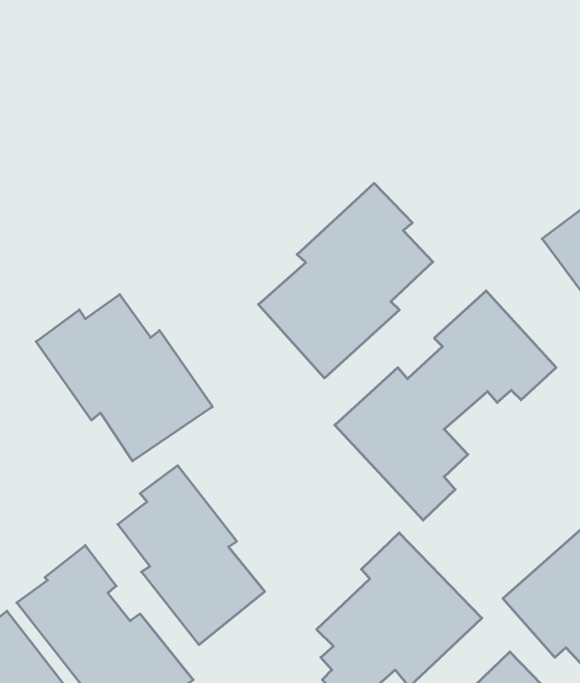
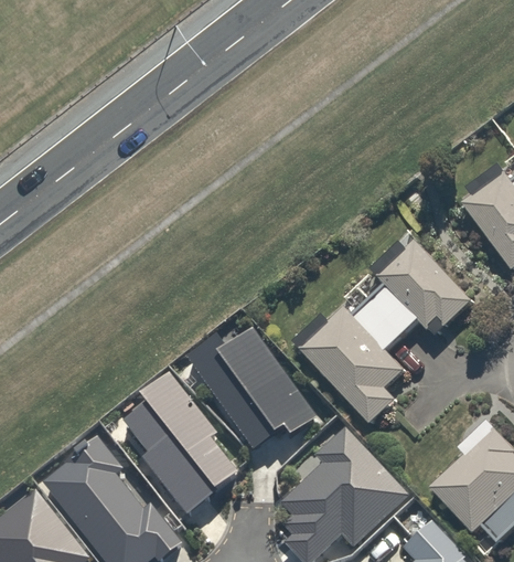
building: [258,183,433,378] -> none
building: [36,294,212,461] -> none
building: none -> [189,331,319,449]

